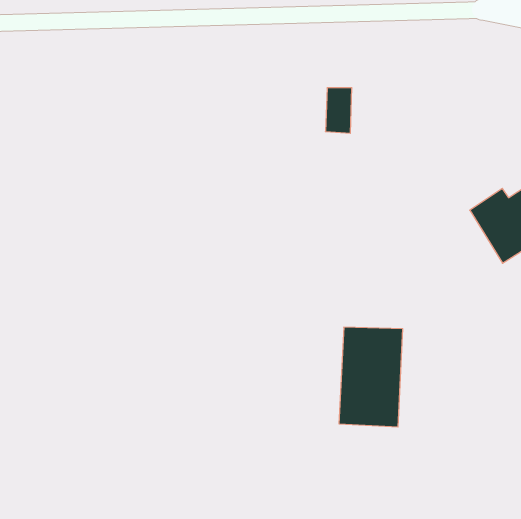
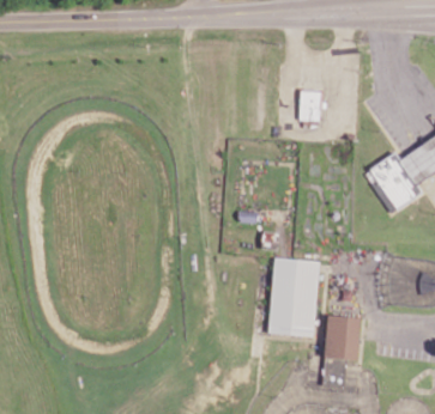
building: [325,88,352,133] -> [300,91,320,126]
building: none -> [321,315,361,386]

